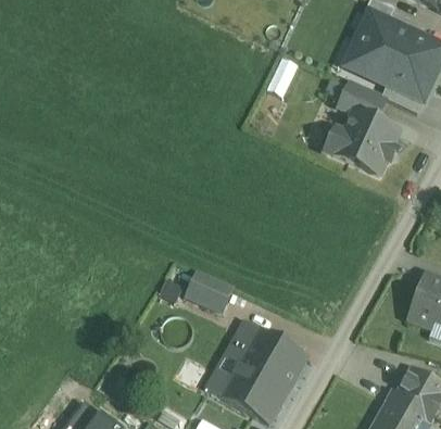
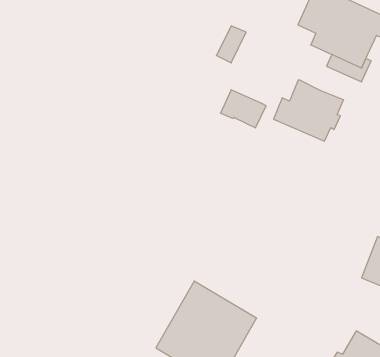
building: [339,81,386,121] -> [220,90,266,128]
building: [182,265,235,313] -> none

